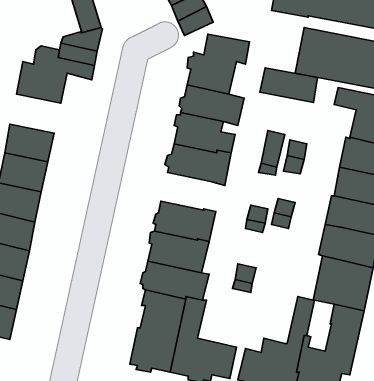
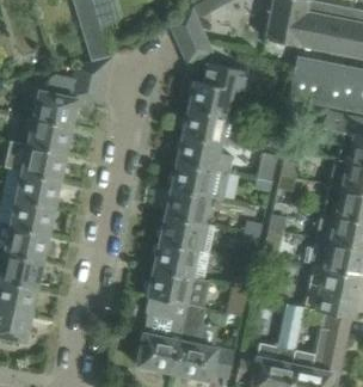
building: [260,68,317,102] -> none
building: none -> [26,117,73,153]
building: none -> [165,189,210,223]

